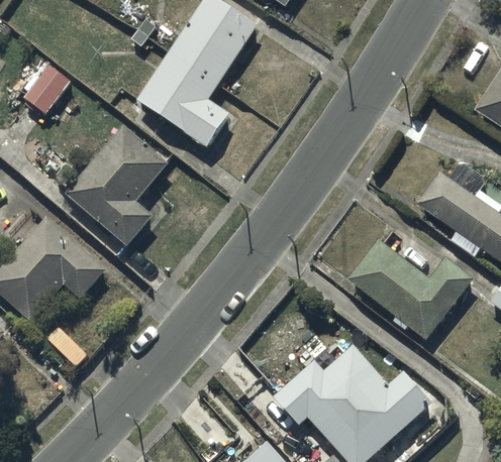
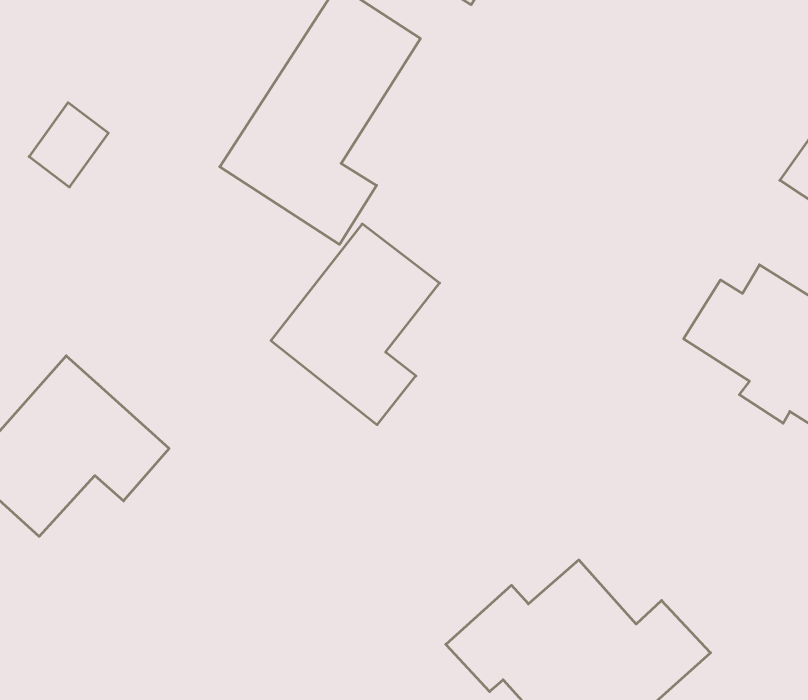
building: [67,126,168,246] -> [271,224,440,425]
building: [346,242,472,342] -> none

